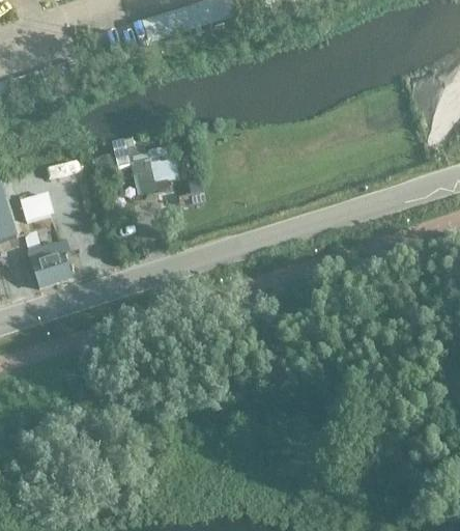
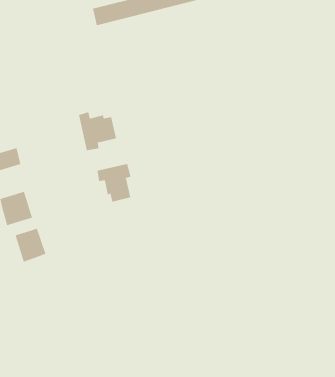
building: none -> [97,163,131,202]
building: none -> [15,228,46,262]

